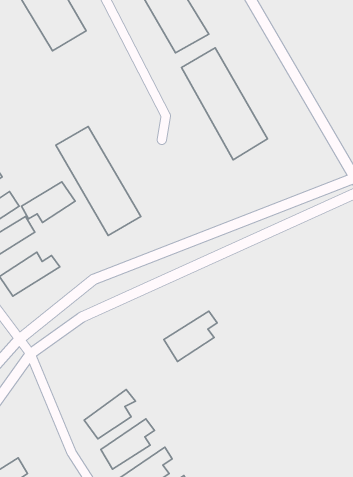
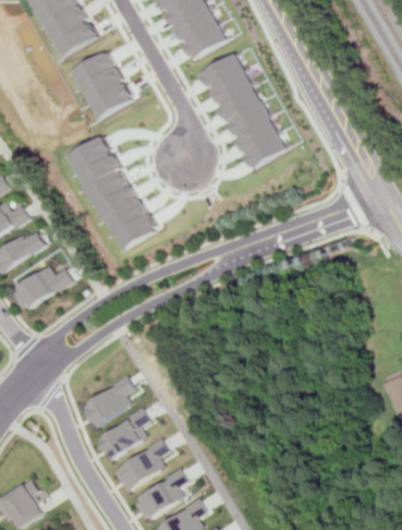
building: none -> [70,51,132,119]
building: [21,182,75,222] -> none
building: [164,311,217,362] -> [78,376,134,429]

